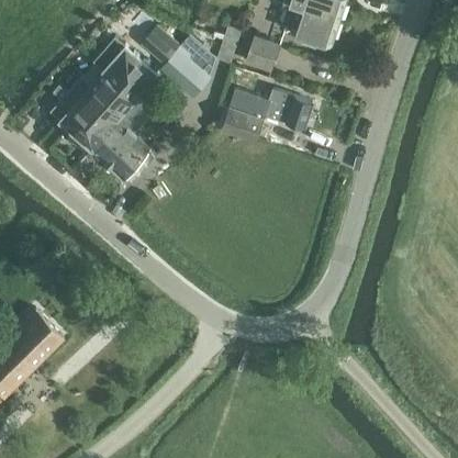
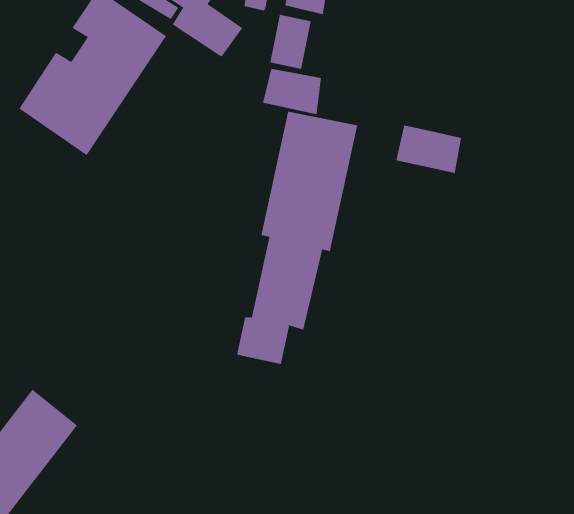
building: [264,90,312,129] -> [396,125,462,173]
building: [94,114,159,179] -> none
building: none -> [236,111,358,365]

